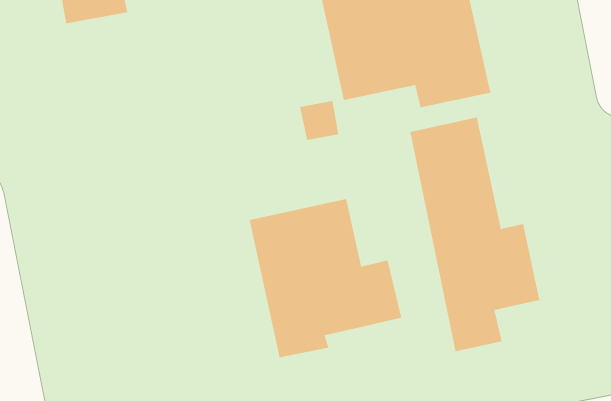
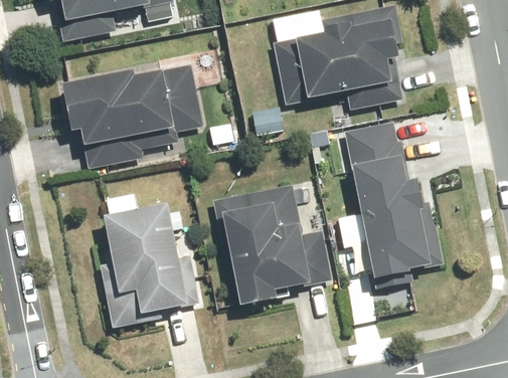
building: none -> [59,60,204,167]
building: none -> [102,204,205,328]

